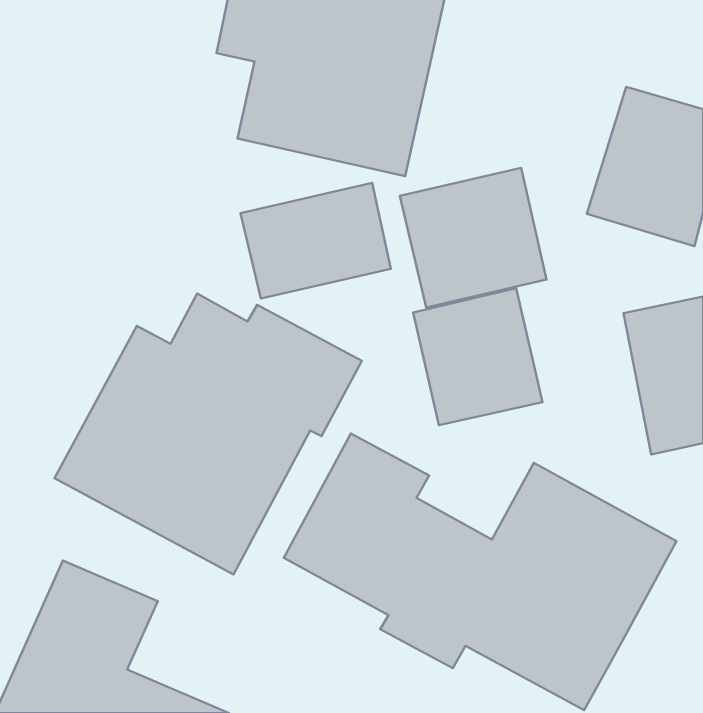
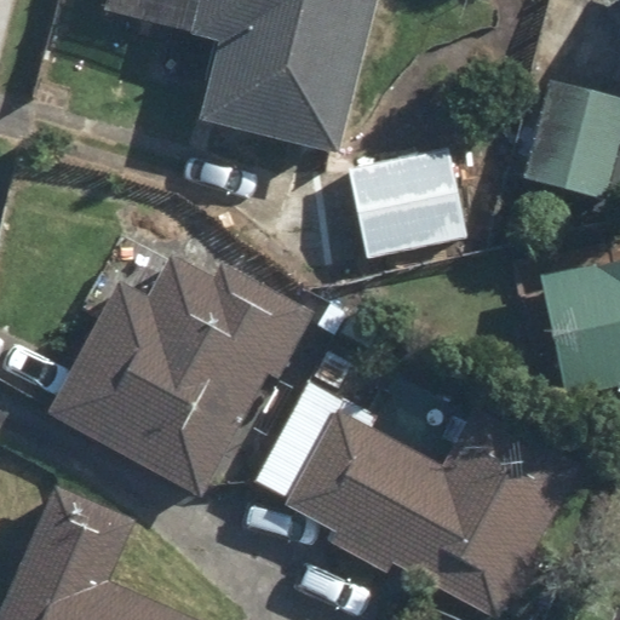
building: [241,183,391,298] -> none
building: [413,288,542,425] -> none

